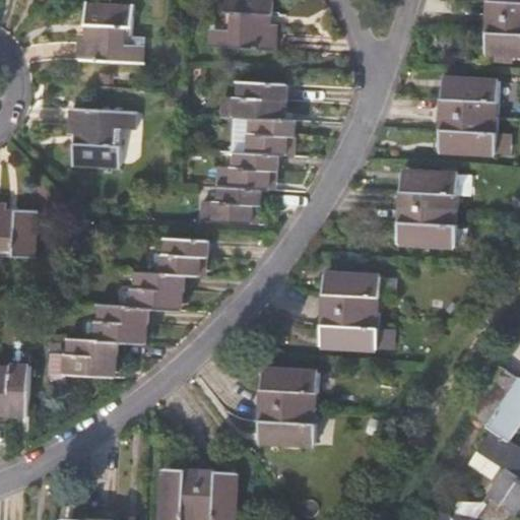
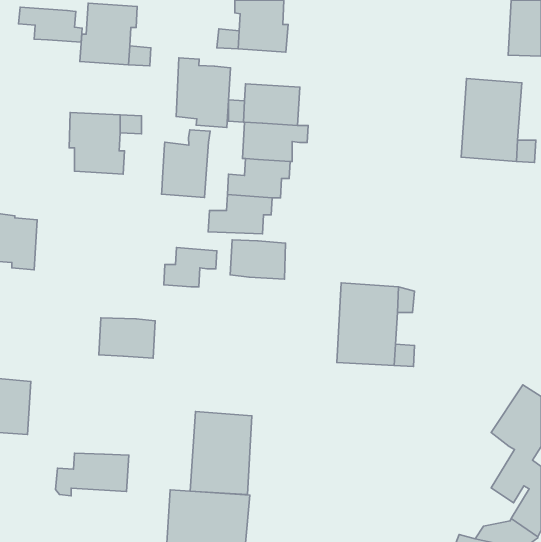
building: none -> [19,7,82,42]
building: none -> [176,58,230,127]
building: none -> [161,130,210,197]
building: [399,169,459,248] -> none
building: [130,272,183,310] -> [230,240,285,279]
building: [48,339,118,380] -> [55,453,129,496]
building: [259,367,318,446] -> [190,412,252,494]

